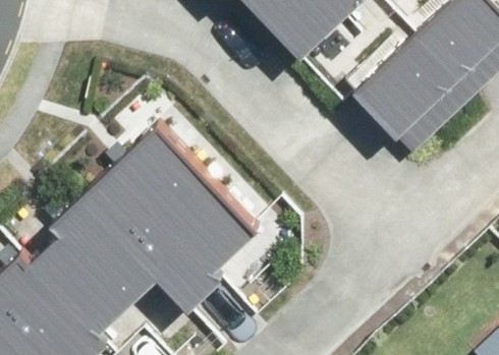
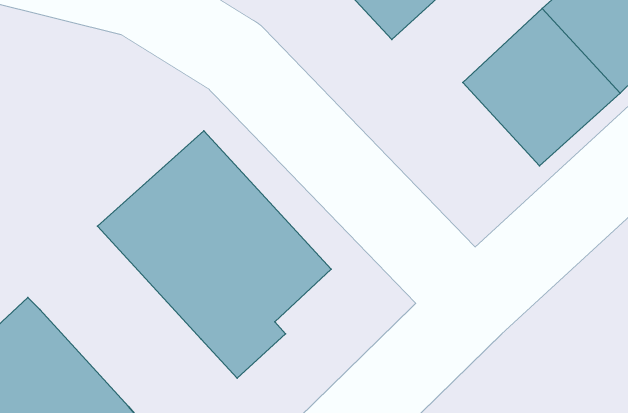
building: [35,197,157,334] -> none

